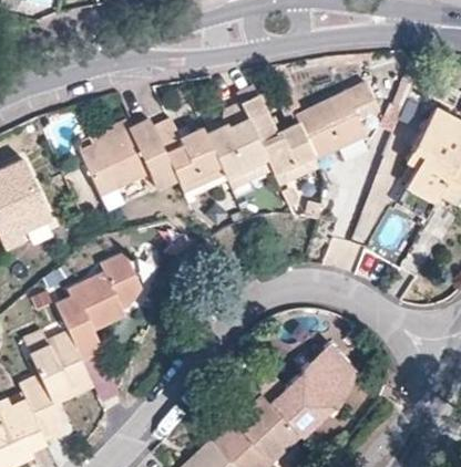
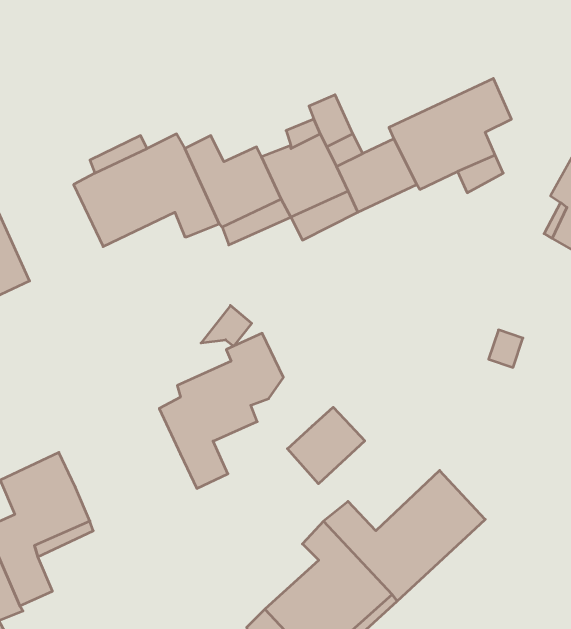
building: [57,252,141,357] -> [159,333,283,488]
building: none -> [287,407,365,484]

